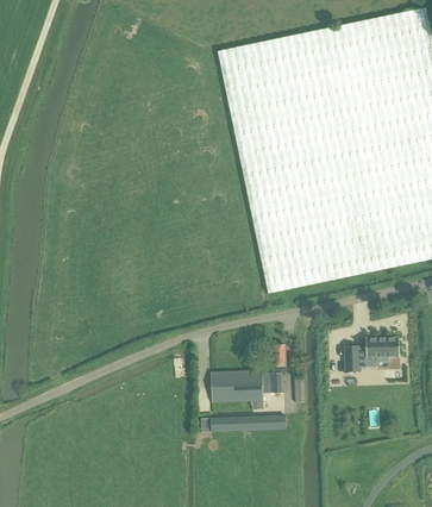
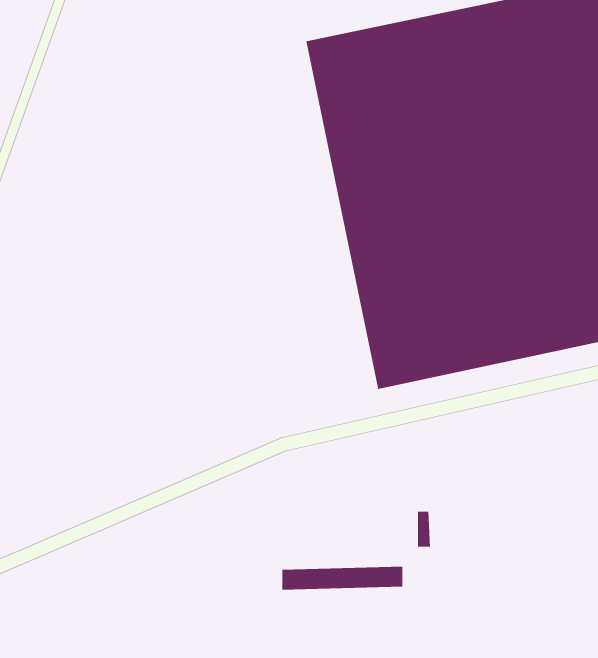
building: [344,336,400,371] -> none
building: [212,344,286,409] -> none

